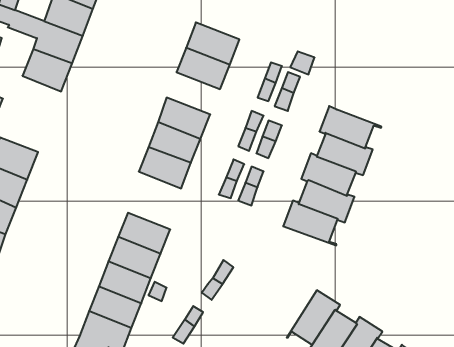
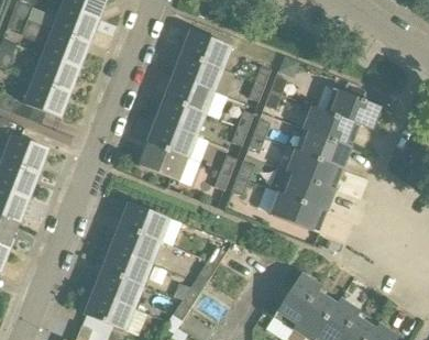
building: none -> [165,75,213,113]
building: none -> [24,78,69,117]
building: none -> [319,86,381,129]

